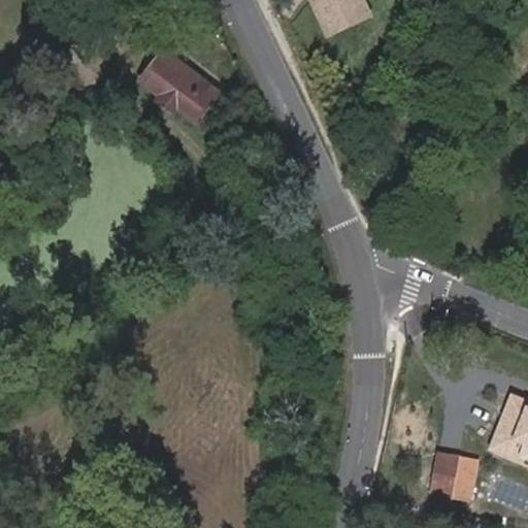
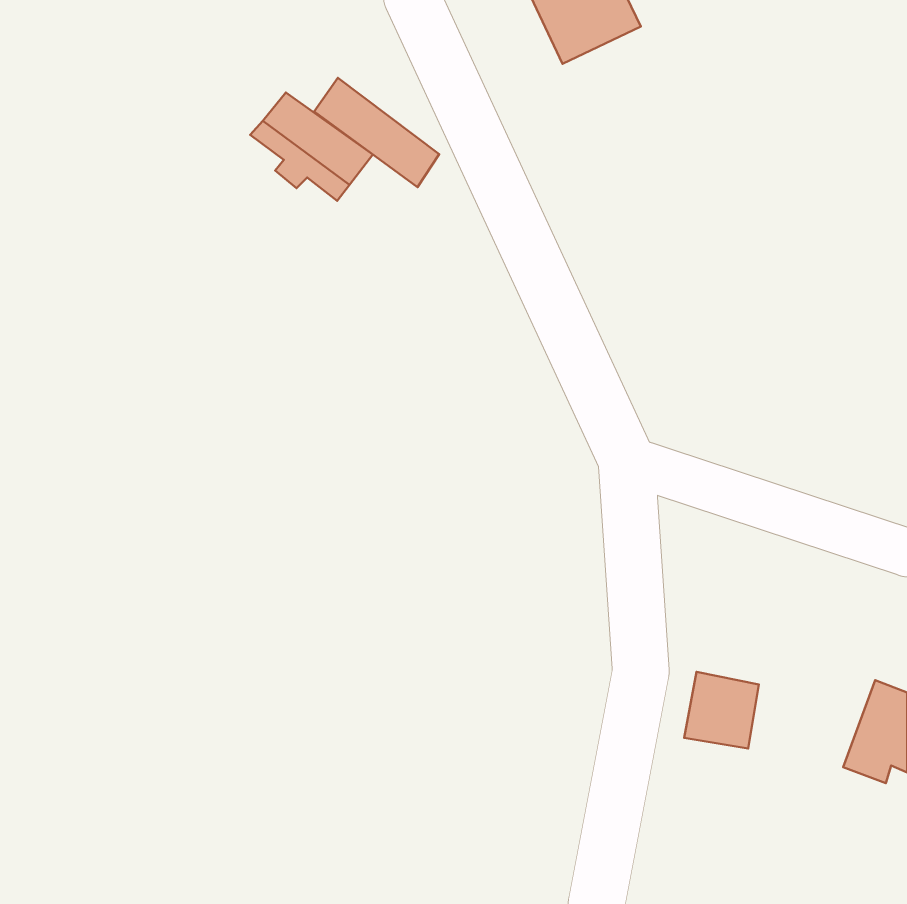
building: none -> [314,78,439,187]
building: [433,453,476,497] -> [684,672,759,748]

